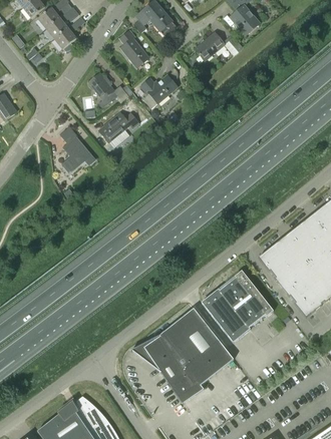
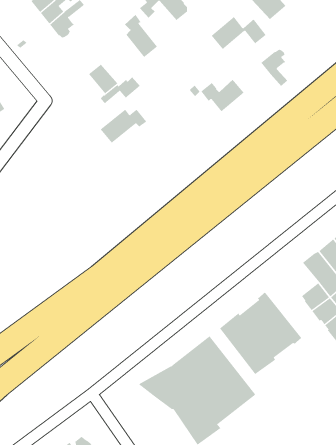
building: none -> [261,49,288,87]
building: [139,74,178,103] -> [201,79,244,112]
building: [59,125,94,170] -> none
building: [259,245,288,274] -> none

